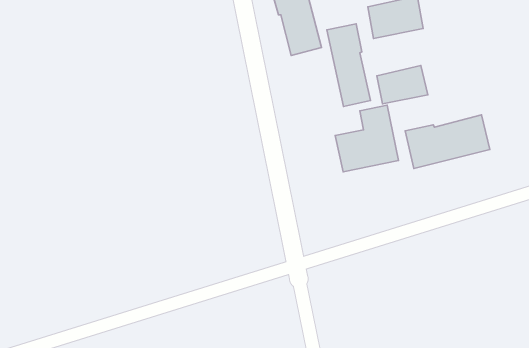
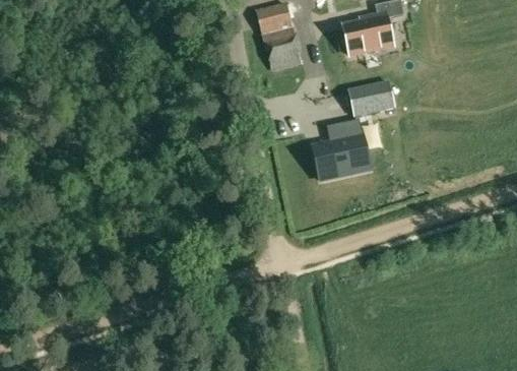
building: [327,24,371,107] -> none
building: [405,115,490,168] -> none

